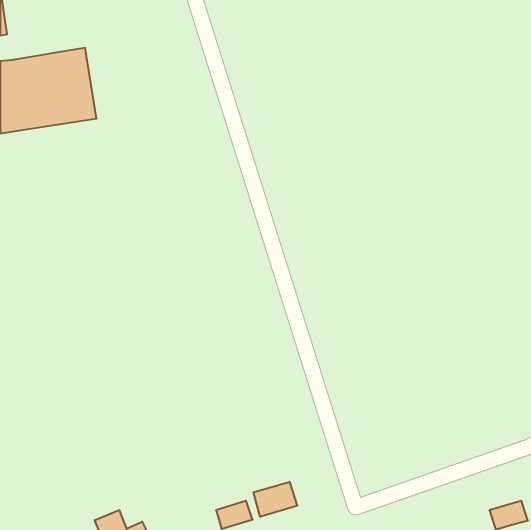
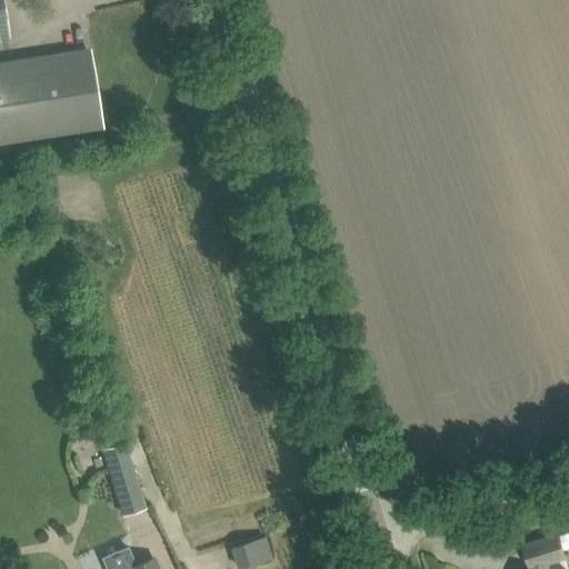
building: none -> [101,443,146,516]
building: [254,482,297,517] -> none

